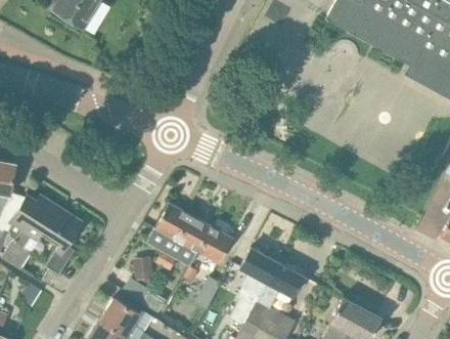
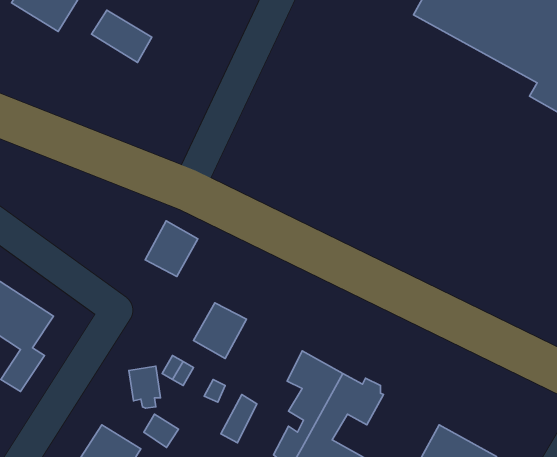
building: none -> [92,10,152,63]
building: [154,202,190,240] -> [145,221,198,276]
building: [197,225,233,263] -> none

